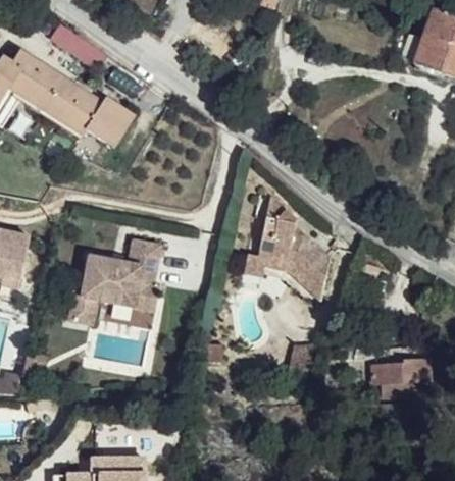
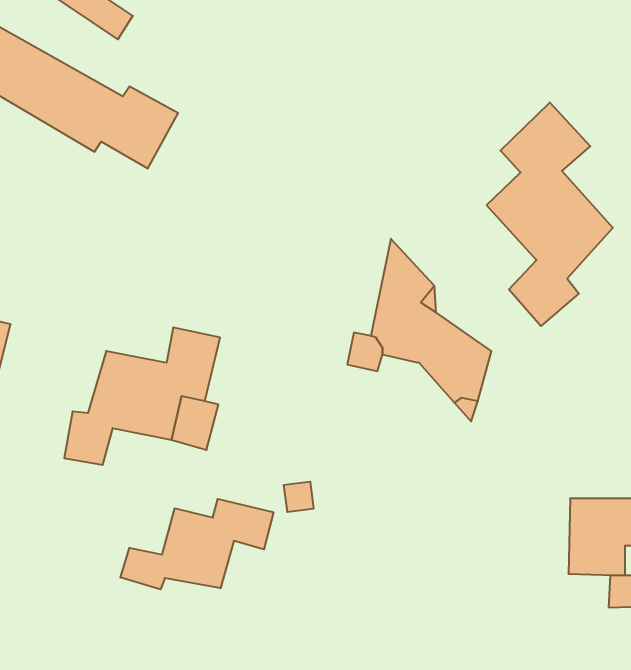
building: none -> [487,102,613,326]
building: none -> [120,499,274,589]

